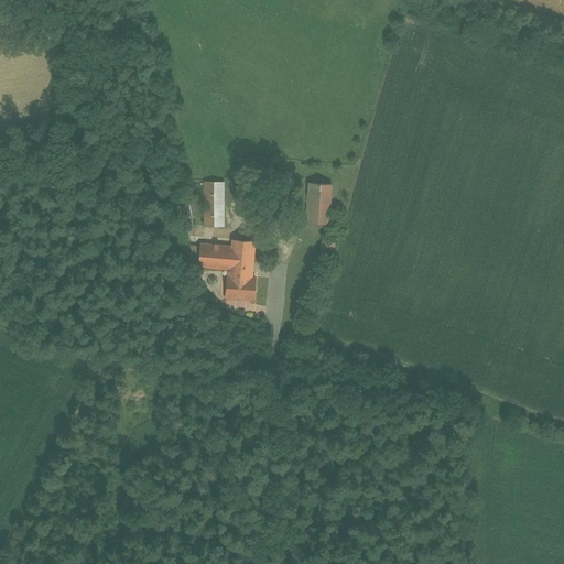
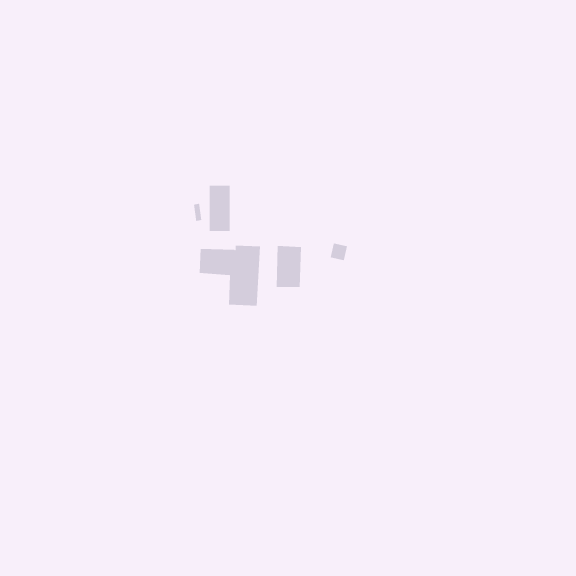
building: [306,183,332,224] -> [276,246,302,287]

